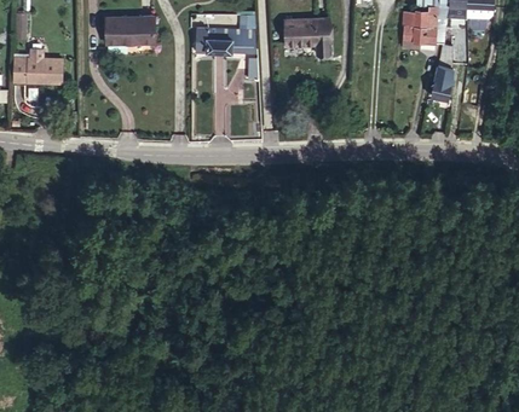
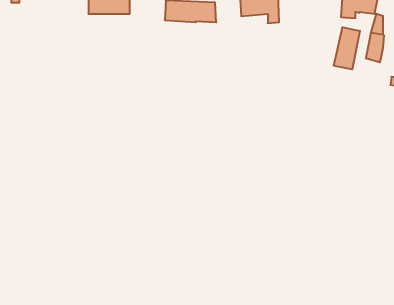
building: [13,58,63,83] -> none
building: none -> [334,27,360,69]

